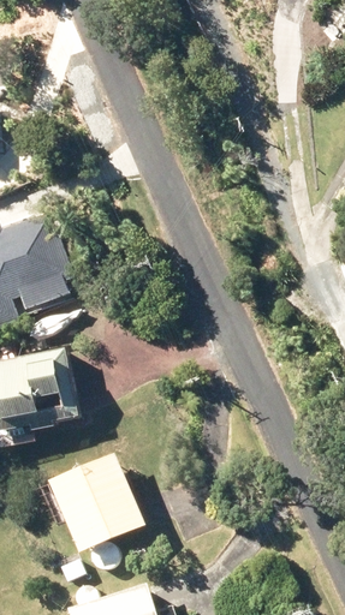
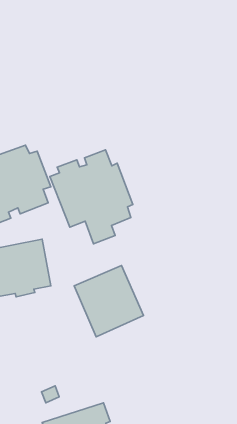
building: none -> [50,150,133,244]
building: [44,453,143,554] -> [74,266,144,337]

